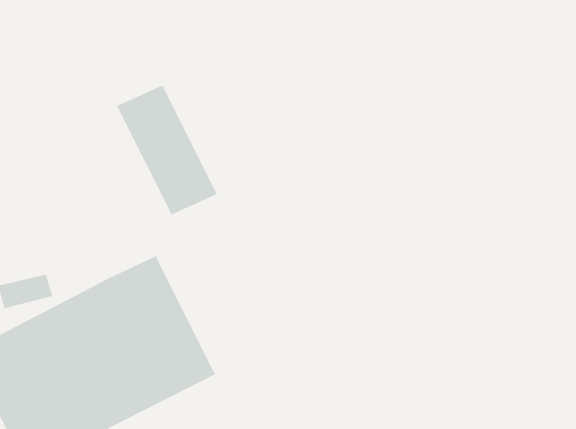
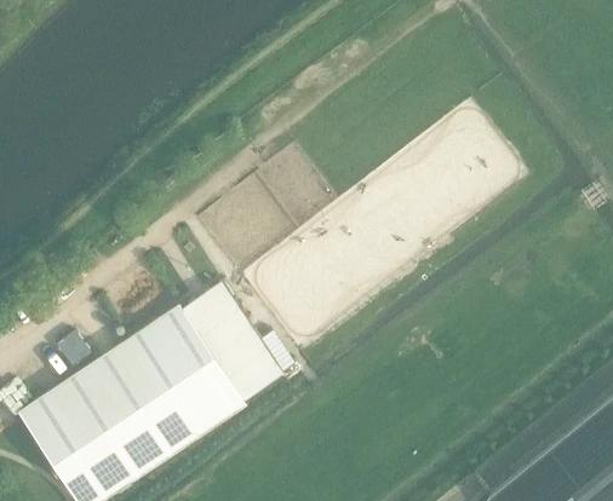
building: [116,85,218,215] -> [182,284,283,402]

